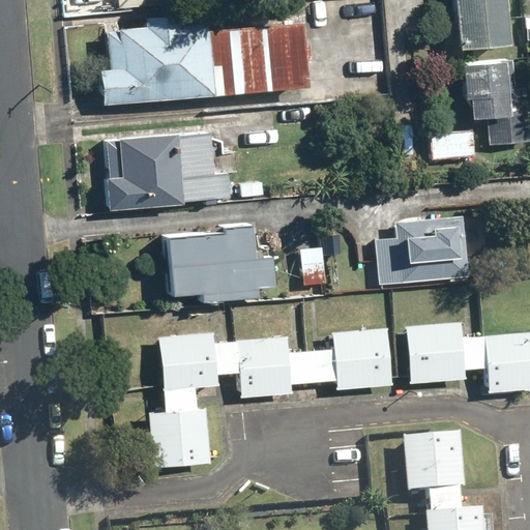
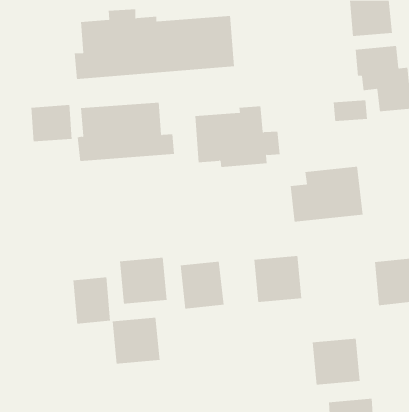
building: none -> [31,104,72,142]
building: [167,225,276,303] -> [195,106,280,168]
building: [404,323,466,383] -> none
building: none -> [73,277,111,324]

